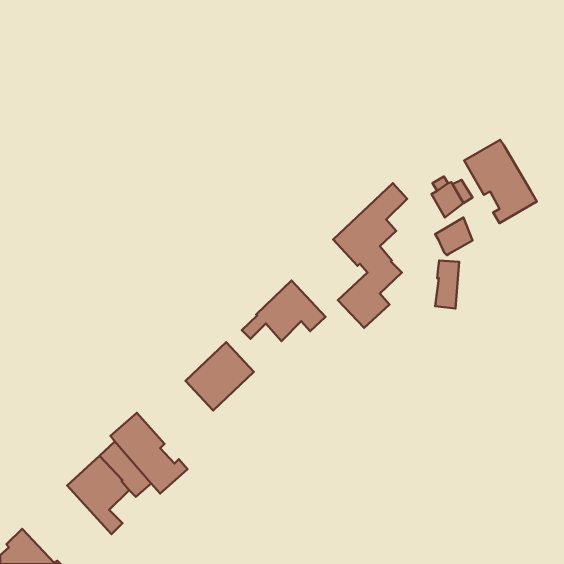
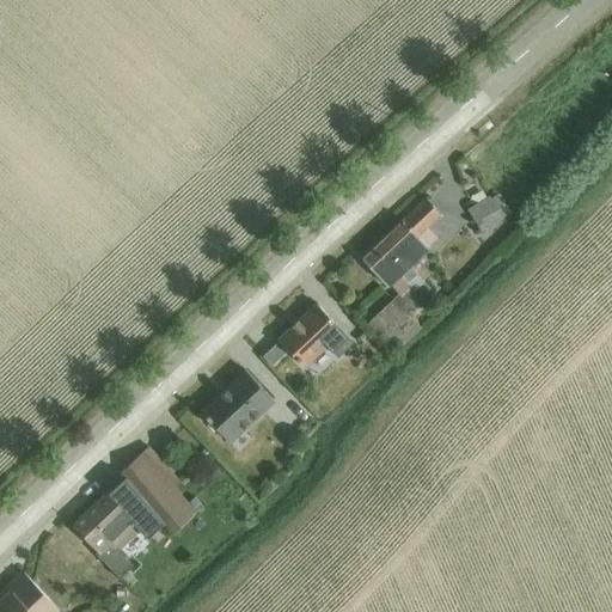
building: [464,140,537,223] -> none
building: [435,218,472,255] -> none
building: [435,260,459,308] -> none

